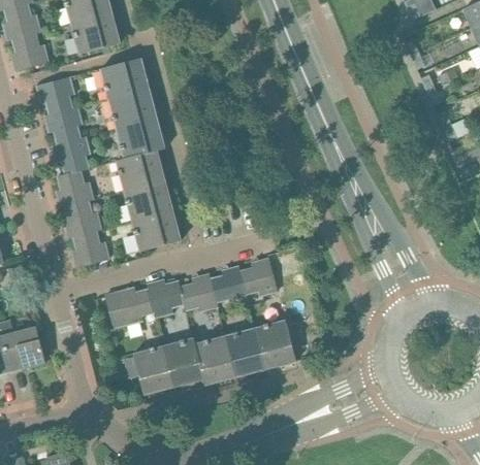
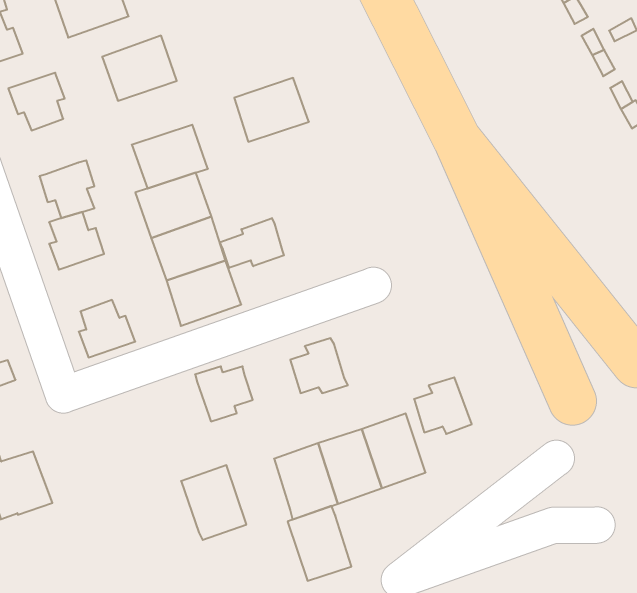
building: [108,88,157,128] -> [234,78,309,142]
building: [44,106,82,143] -> none
building: none -> [220,218,284,268]
building: [64,200,100,237] -> none
building: [241,258,278,295] -> [414,377,472,434]
building: [180,273,218,310] -> none
building: [104,287,154,327] -> none
building: [163,337,203,386] -> [288,506,351,581]

